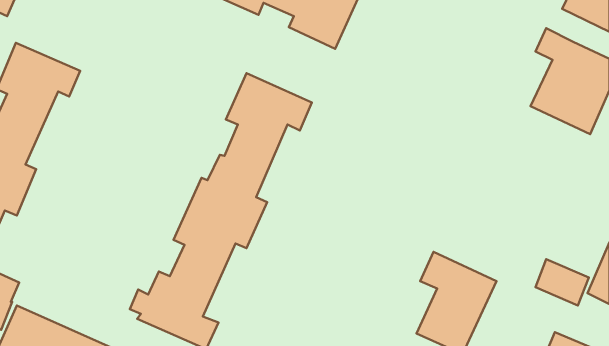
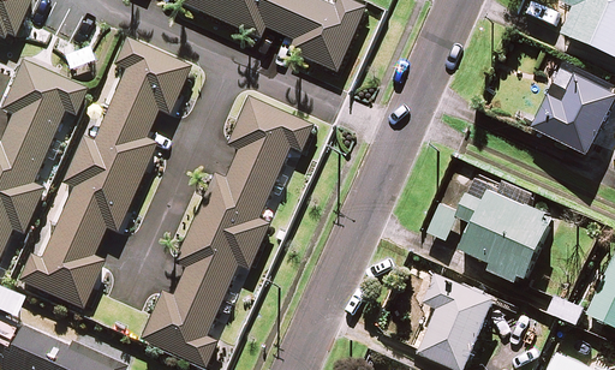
building: none -> [16,41,187,310]
building: none -> [424,177,554,282]

